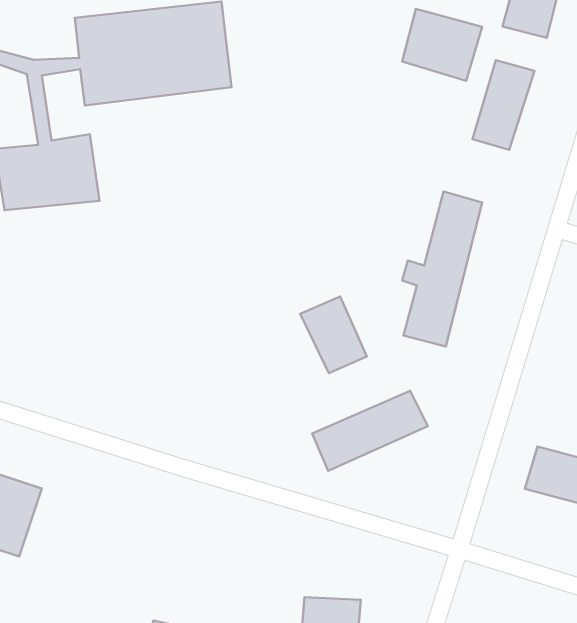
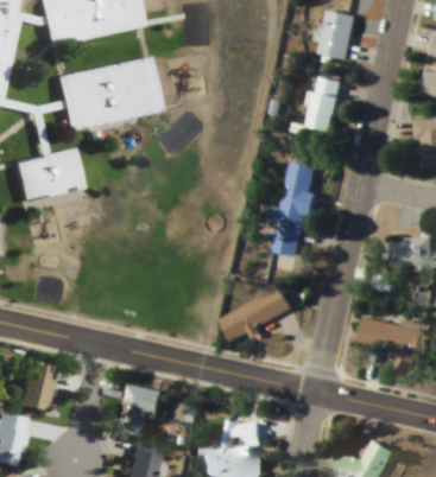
building: [402,9,482,81] -> none
building: [300,296,367,373] -> none
building: none -> [121,386,164,438]

